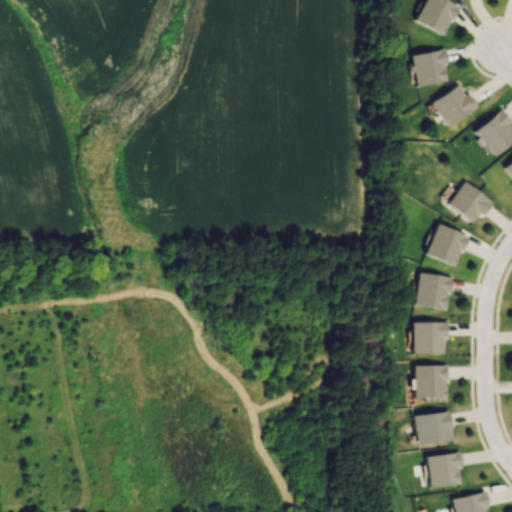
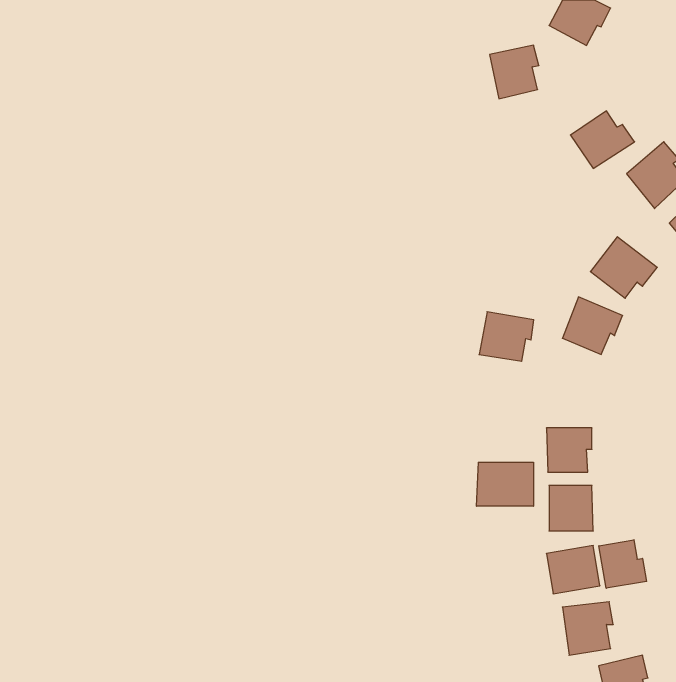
building: [412,48,449,88] -> [490,45,539,99]
building: [414,272,455,309] -> [479,312,534,361]
building: none -> [477,462,533,506]
building: none -> [599,540,647,588]

